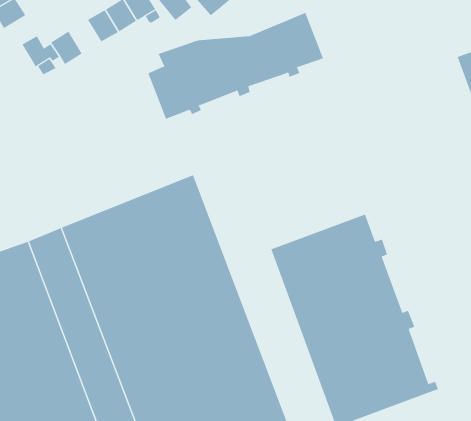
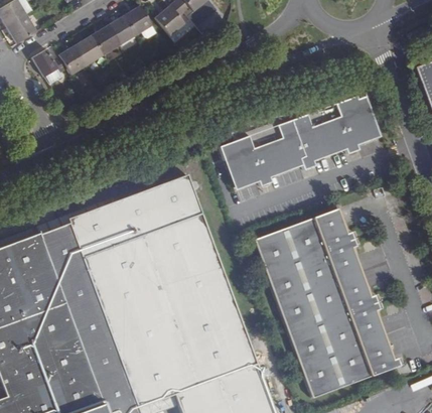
building: [147,12,324,119] -> [222,93,379,188]
building: none -> [74,35,102,65]

